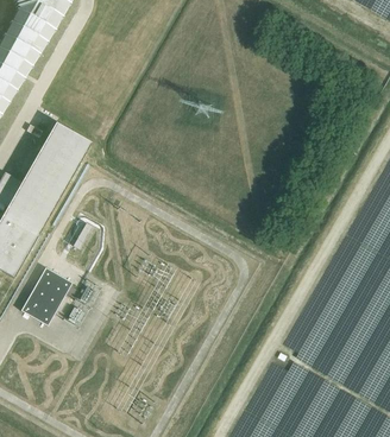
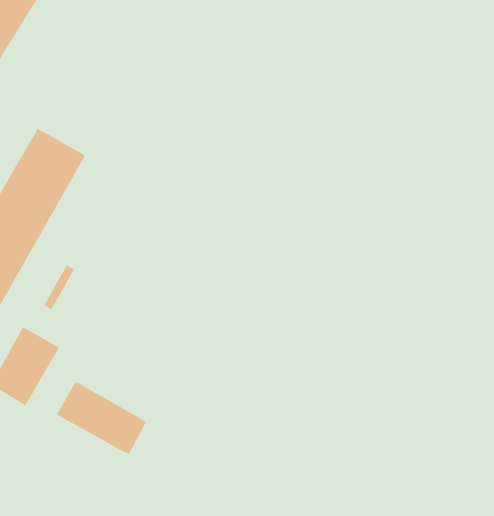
building: none -> [56,381,147,455]

